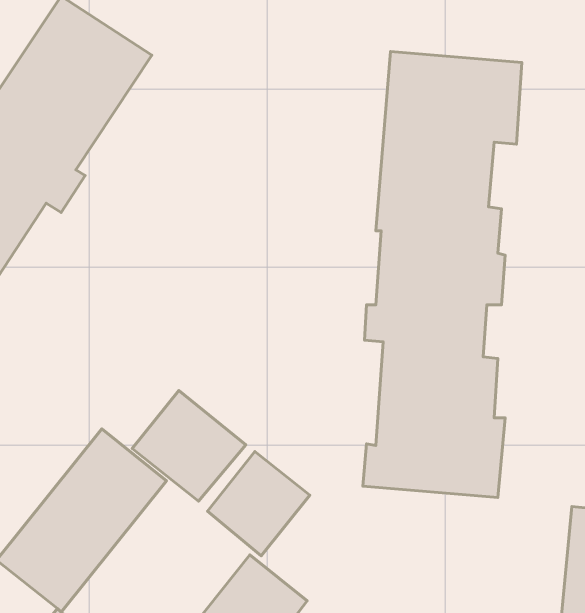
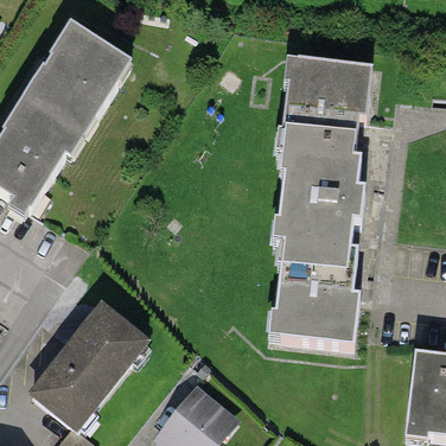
building: [132,390,246,501] -> none
building: [208,451,310,556] -> none

